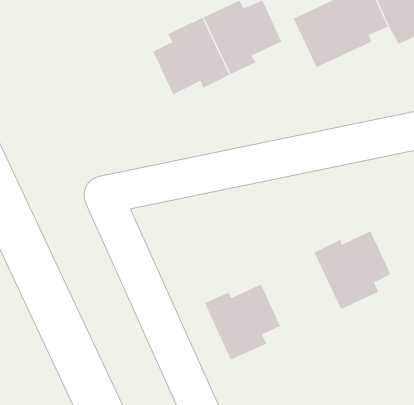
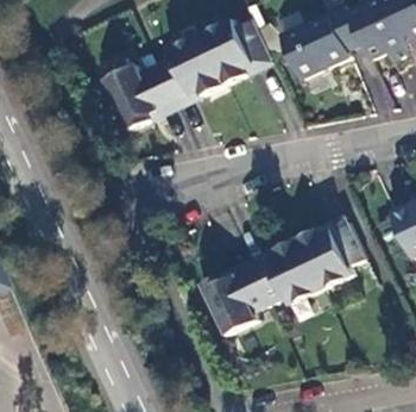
building: none -> [109,62,179,129]
building: none -> [257,237,326,301]

